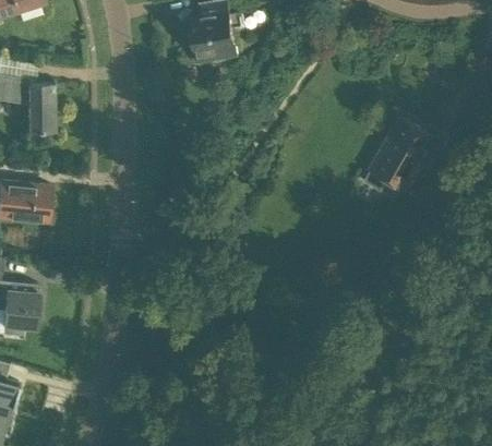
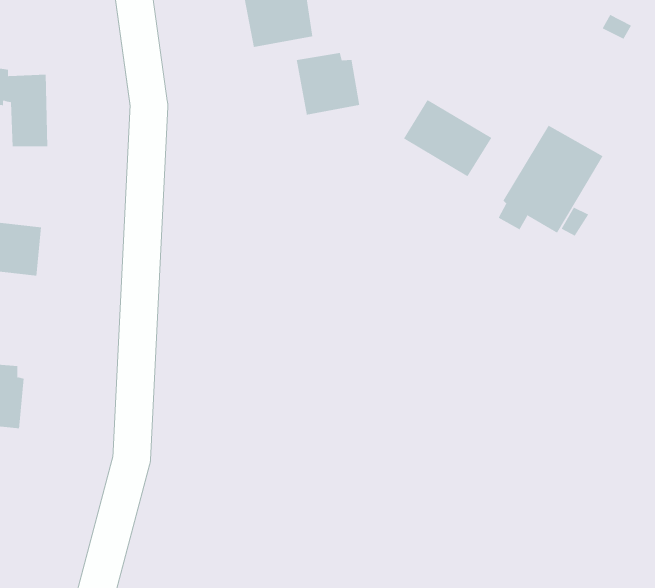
building: none -> [296,52,360,115]
building: none -> [403,99,492,177]

